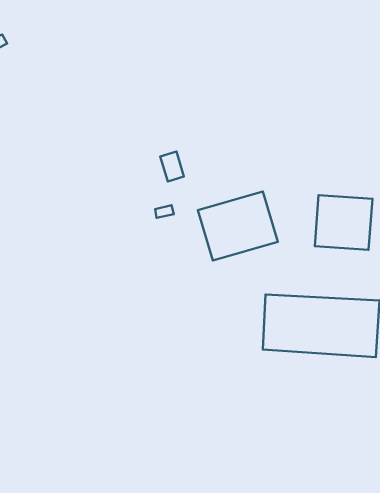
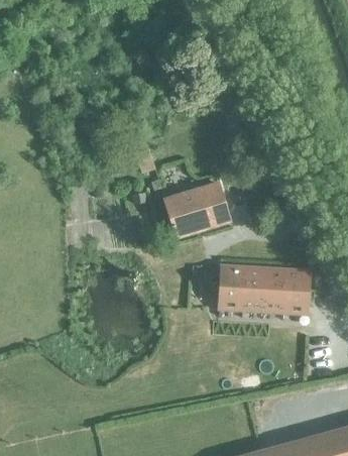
building: [315,195,373,250] -> none

